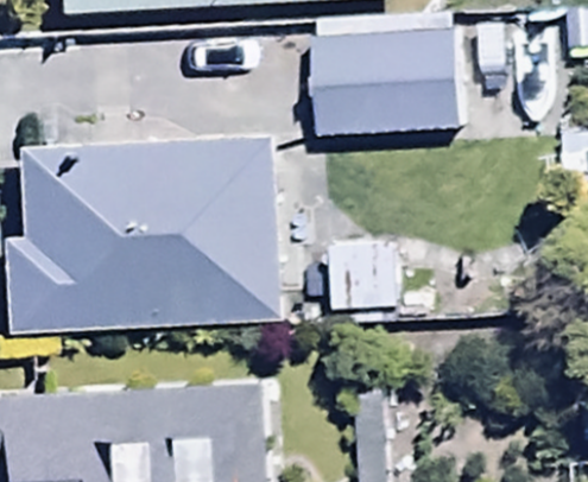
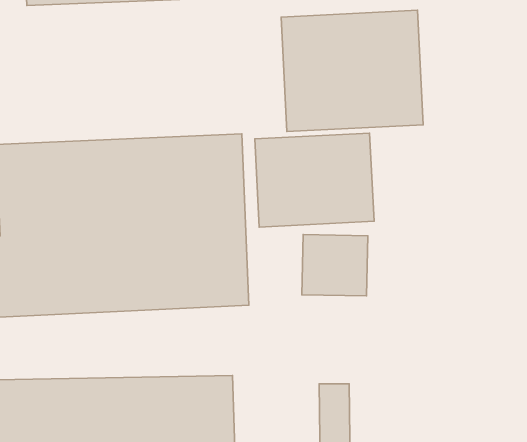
building: none -> [255,133,374,227]

